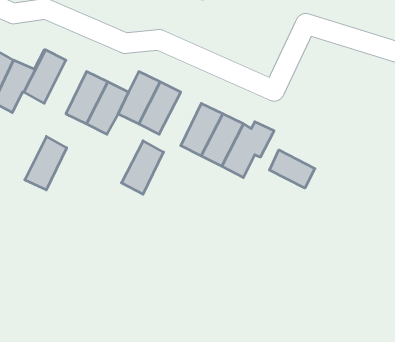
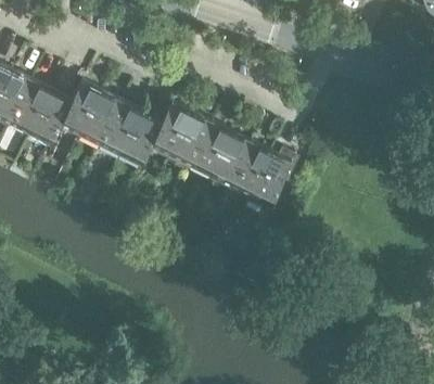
building: [25,136,67,190] -> [80,91,120,142]
building: [121,141,164,194] -> [190,121,230,172]
building: [269,150,315,188] -> none

